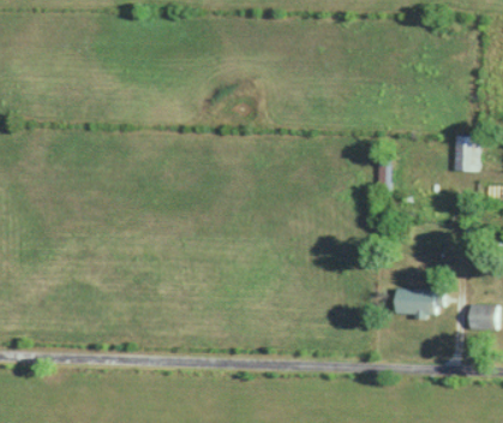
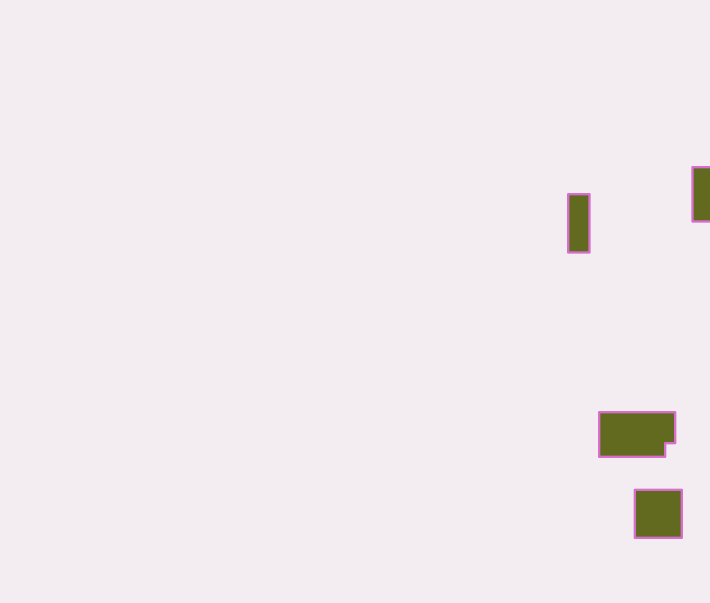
building: none -> [635,490,682,538]

